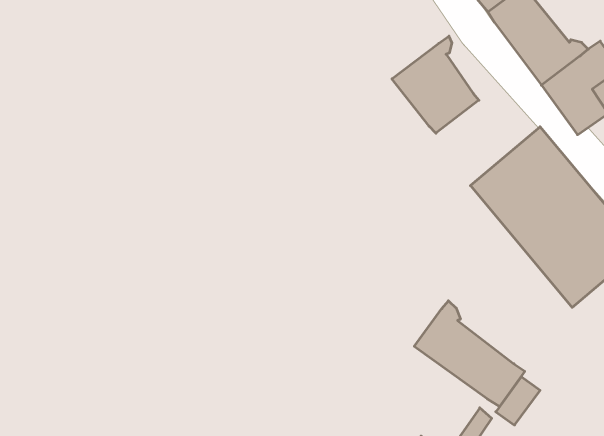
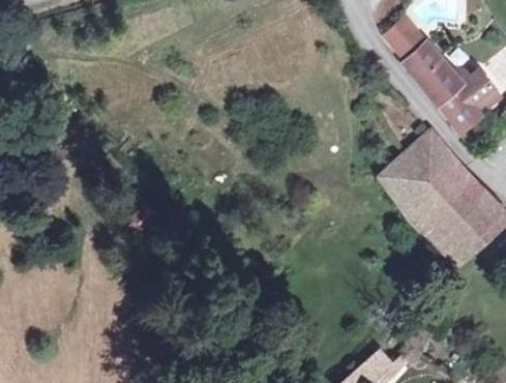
building: [392,36,479,133] -> none
building: [414,301,525,407] -> none

